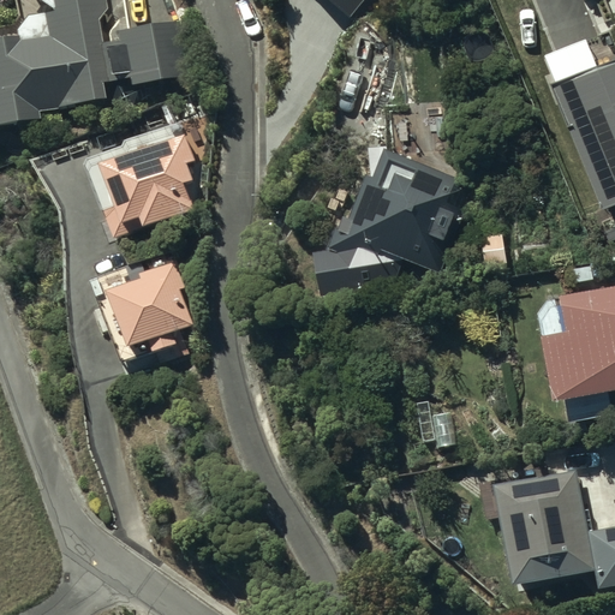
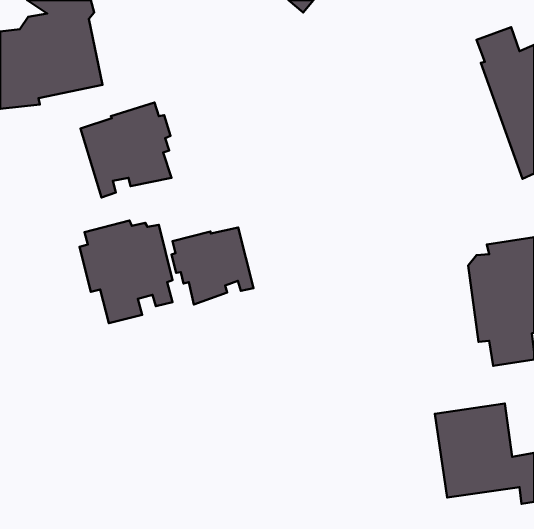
building: [113,22,190,84] -> none
building: [330,107,476,271] -> none
building: none -> [171,227,254,304]

